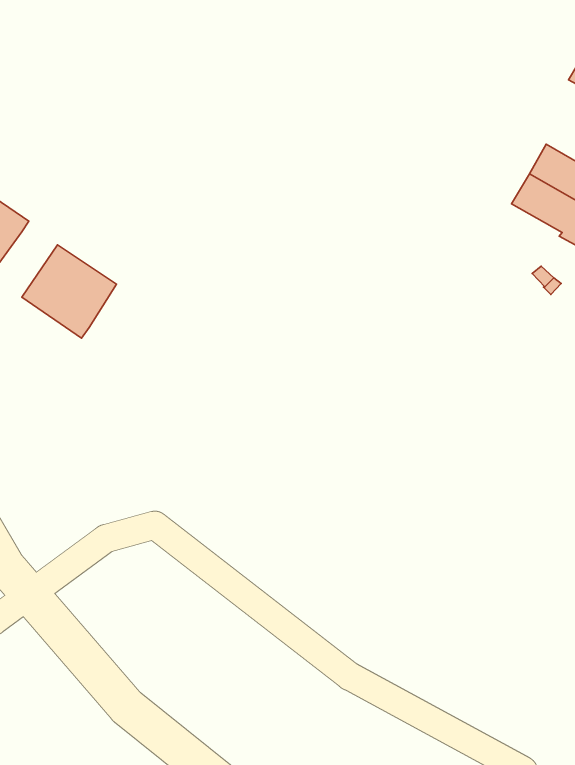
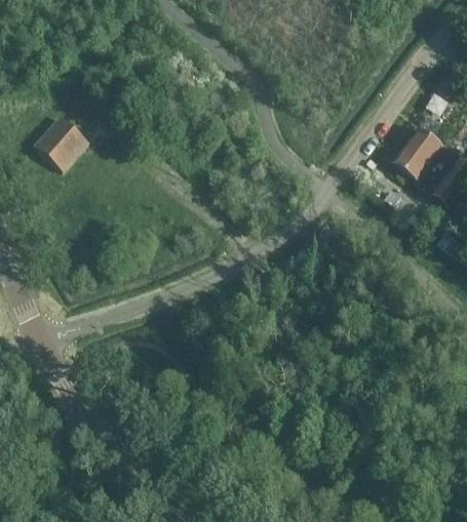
building: [22,245,117,338] -> none

